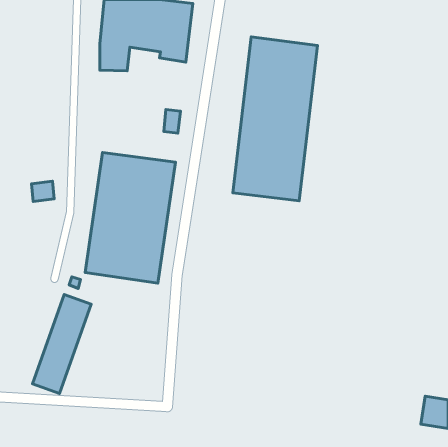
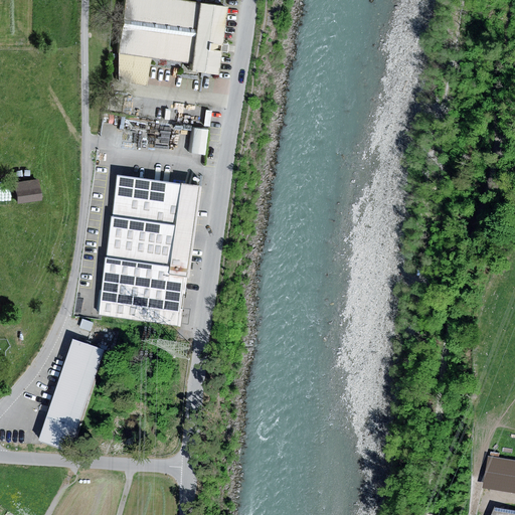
building: [233,37,317,201] -> none
building: [31,181,54,201] -> [12,178,38,201]

